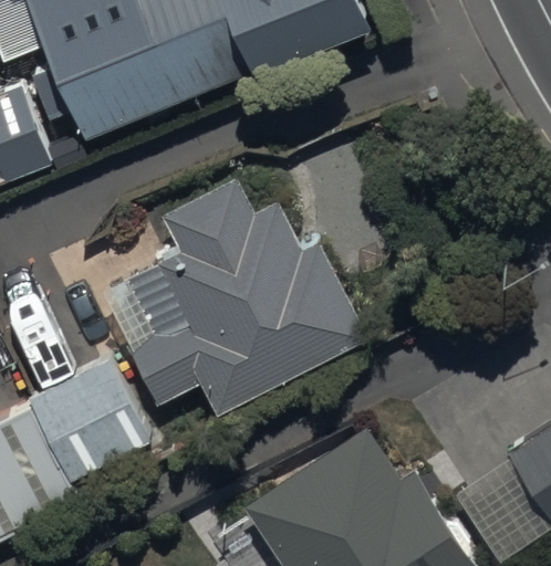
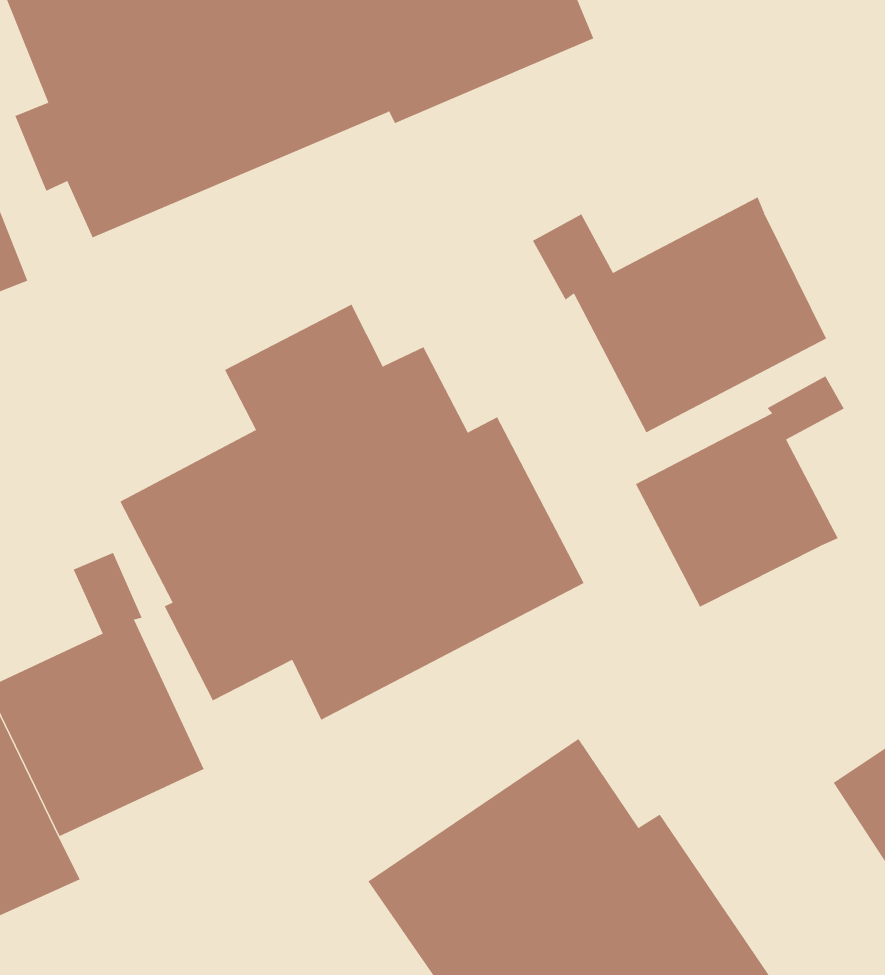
building: none -> [532,197,827,433]
building: none -> [635,376,845,607]

